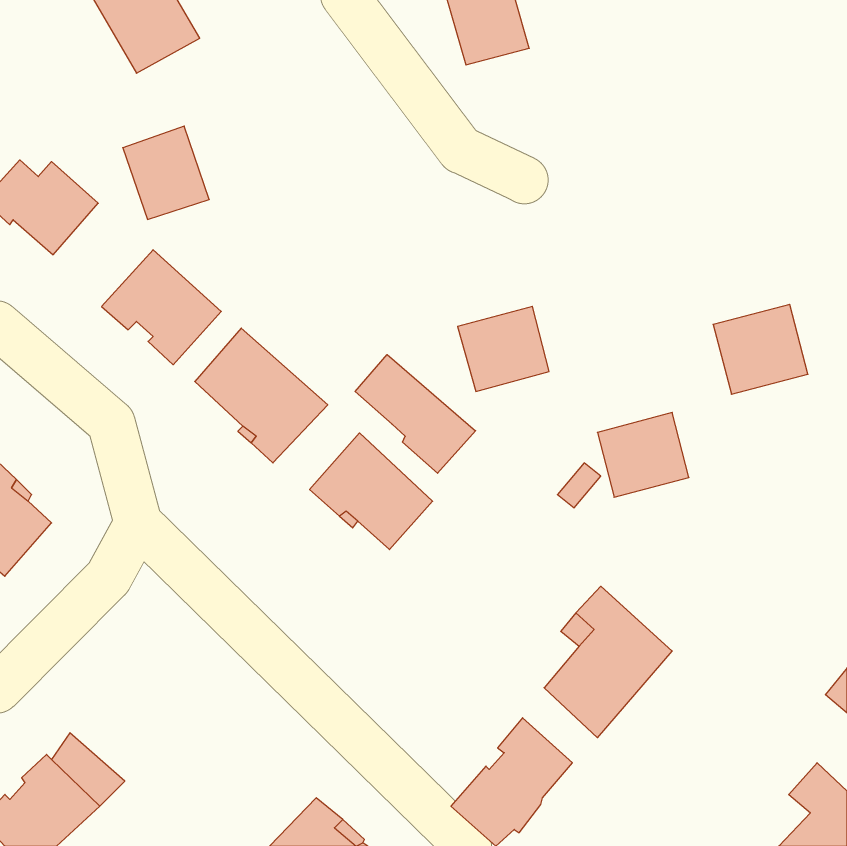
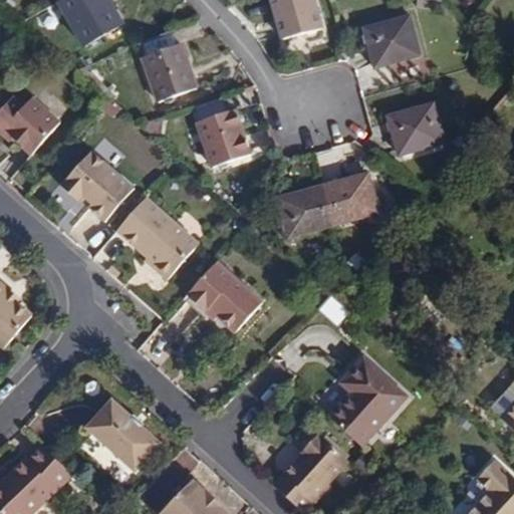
building: none -> [360,14,419,67]
building: [123,126,209,219] -> [142,43,194,99]
building: none -> [195,109,247,166]
building: [713,304,808,394] -> [386,102,443,157]
building: [355,355,476,473] -> none
building: [597,412,689,497] -> [321,173,376,224]
building: none -> [86,403,159,473]

